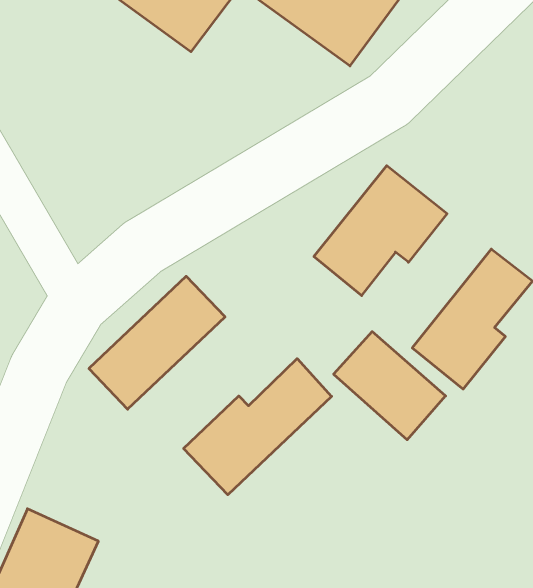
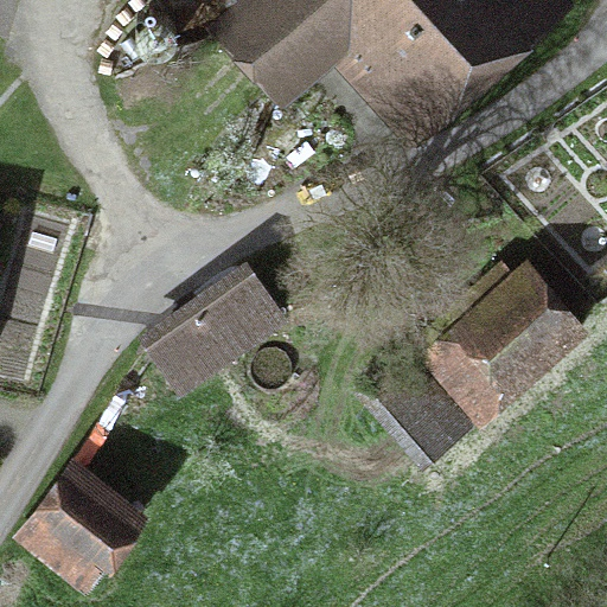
building: [314,166,447,296] -> none
building: [184,359,332,495] -> none

